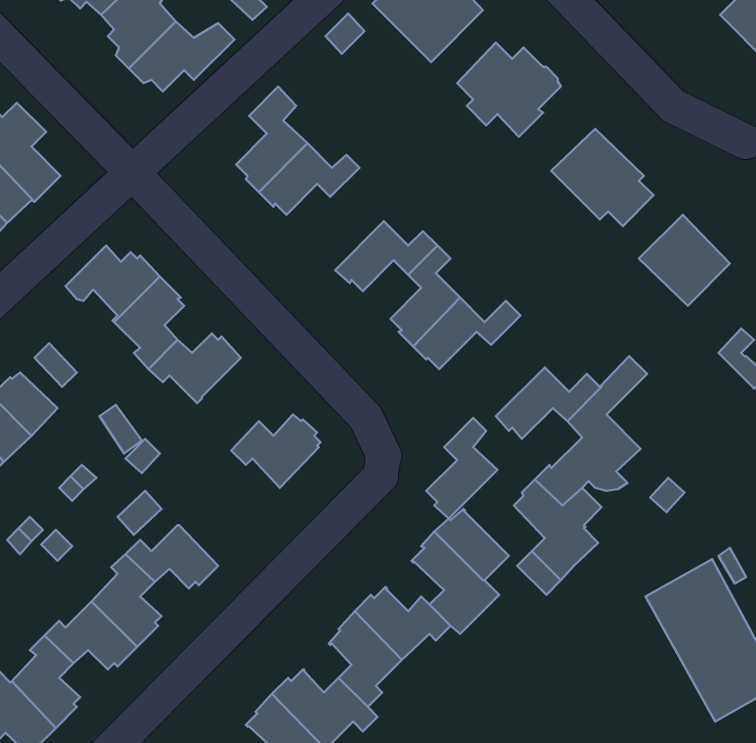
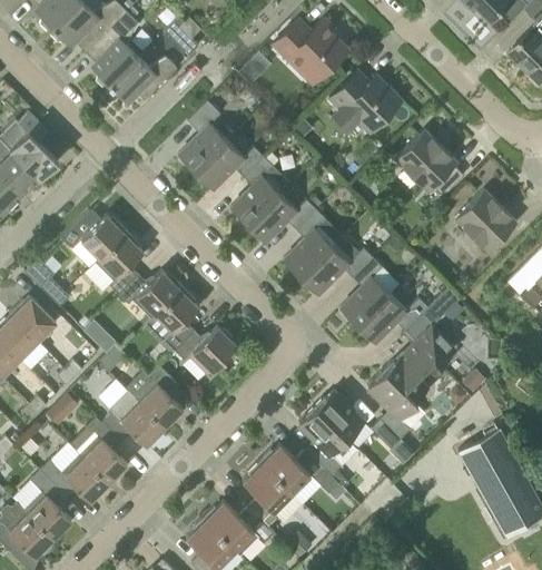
building: none -> [231,157,279,227]
building: none -> [155,287,198,351]
building: [426,418,498,519] -> [341,258,390,327]
building: none -> [135,365,183,430]

